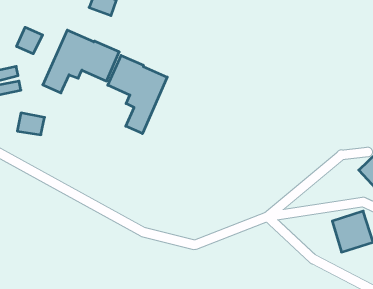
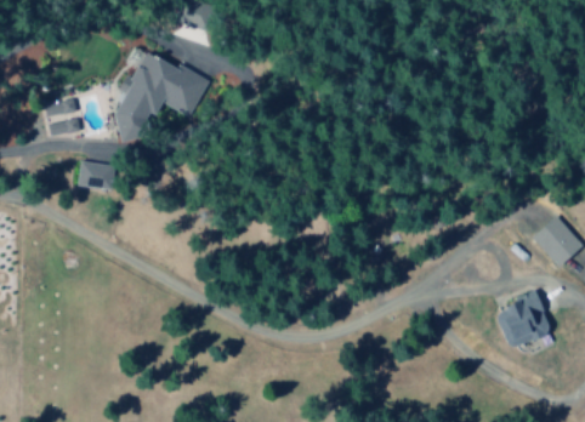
building: [17,27,43,54] -> none
building: [108,55,167,134] -> none

